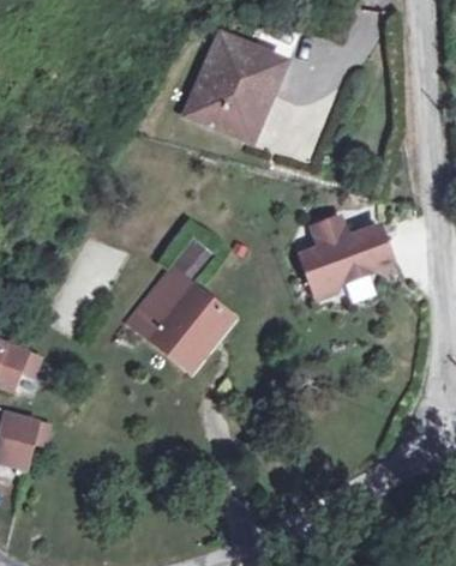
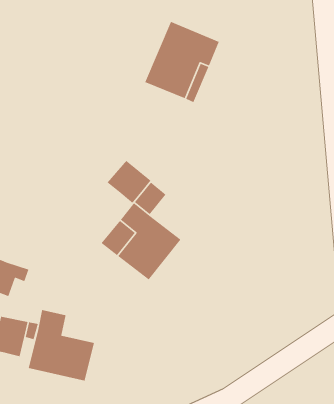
building: none -> [106,160,152,204]
building: [302,213,391,294] -> none
building: none -> [28,309,95,382]

